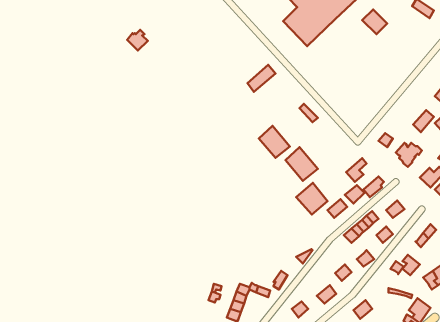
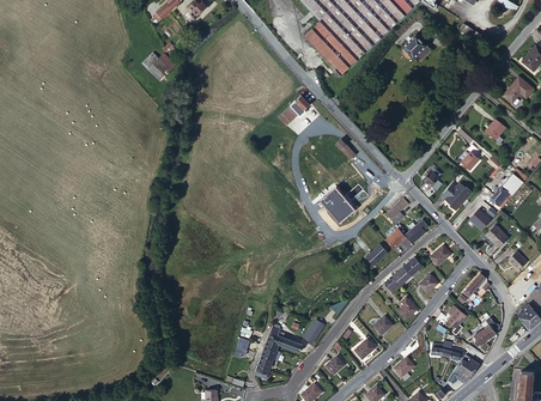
building: [259,126,290,158] -> none
building: [296,183,327,215] -> none

